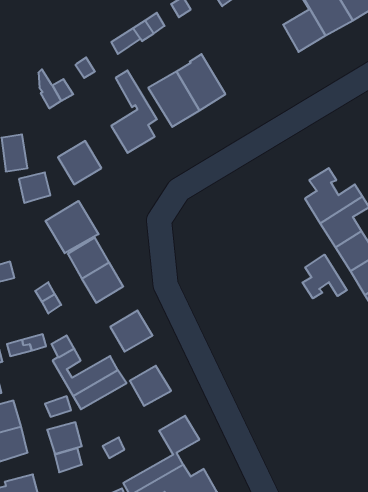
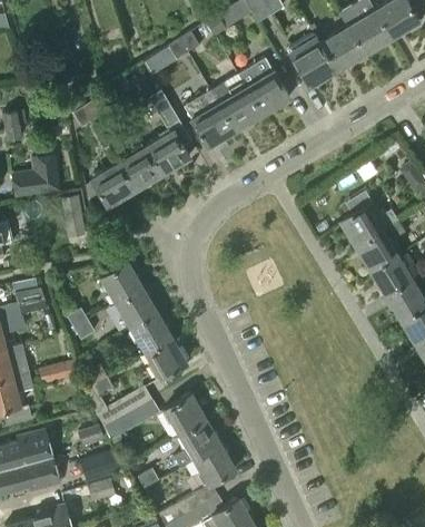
building: none -> [286,33,336,88]
building: none -> [237,58,289,115]
building: none -> [118,147,161,191]
building: [46,201,99,253] -> none
building: [302,255,347,298] -> none
building: none -> [129,312,171,353]
building: none -> [174,419,220,468]

